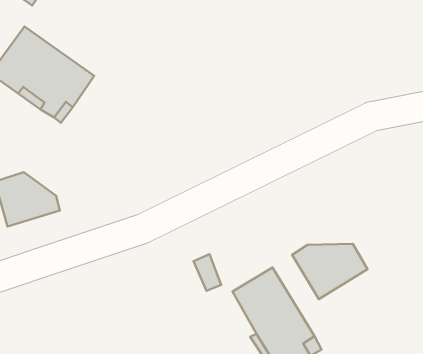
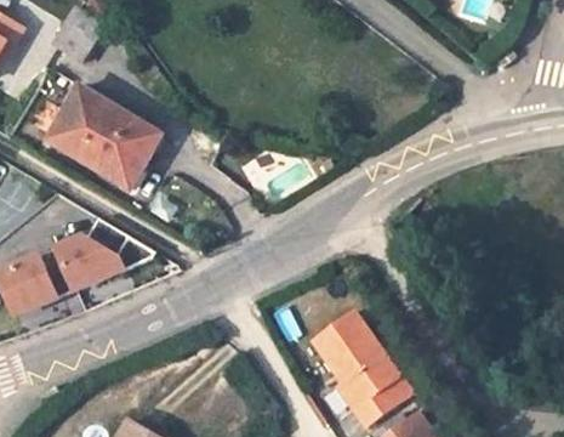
building: [292,244,367,299] -> none

